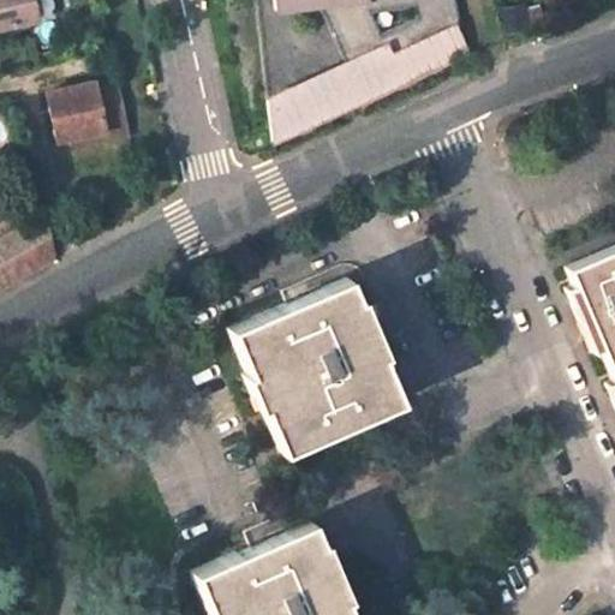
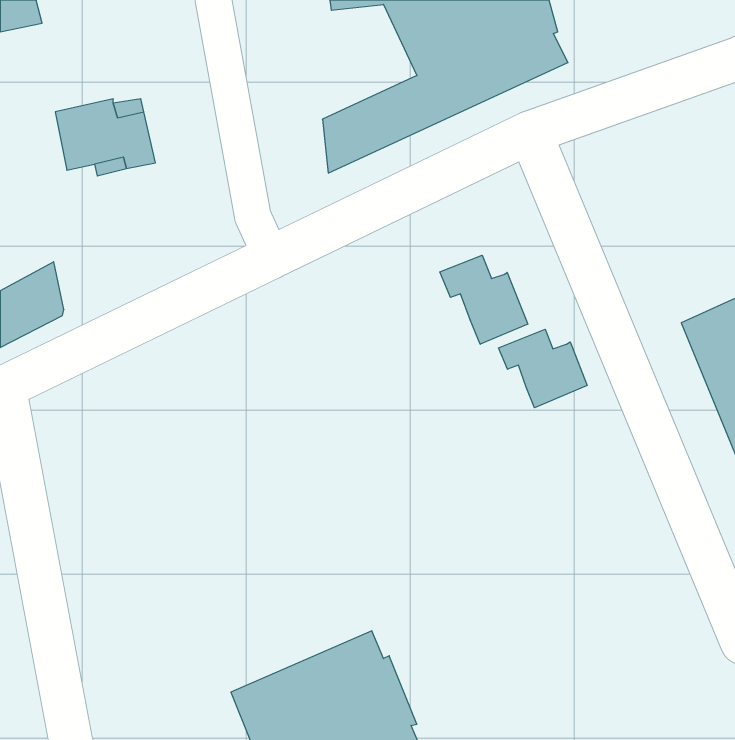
building: none -> [440,255,528,344]
building: none -> [498,329,587,408]
building: [233,280,404,453] -> none

